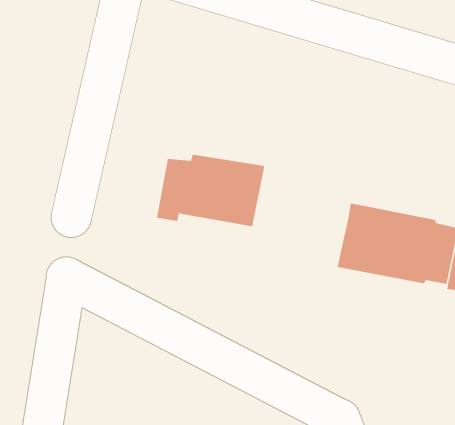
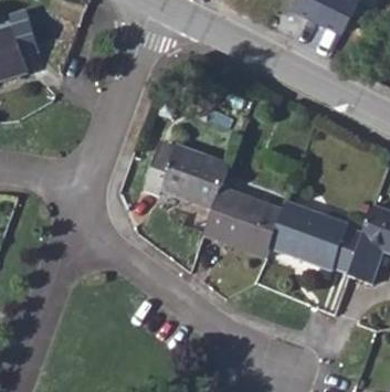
building: none -> [202,188,284,259]

